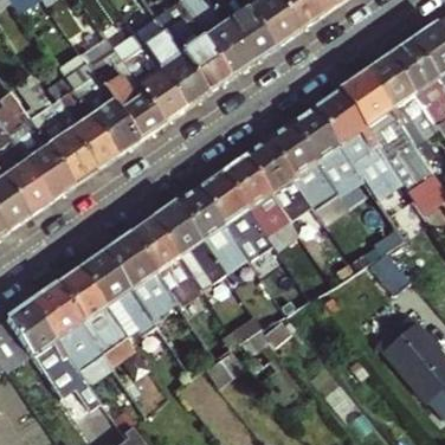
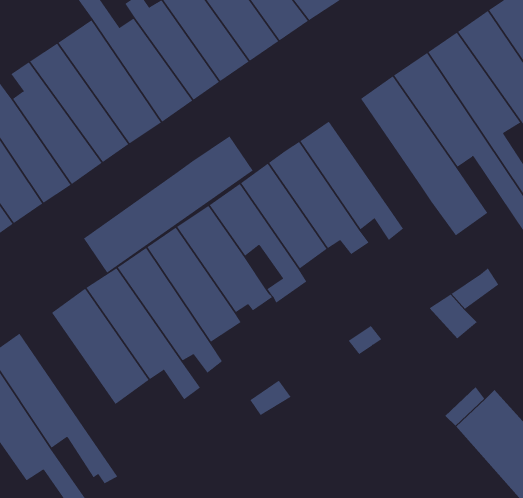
building: [290,105,360,188] -> none
building: none -> [83,135,254,274]
building: [56,267,128,354] -> none

